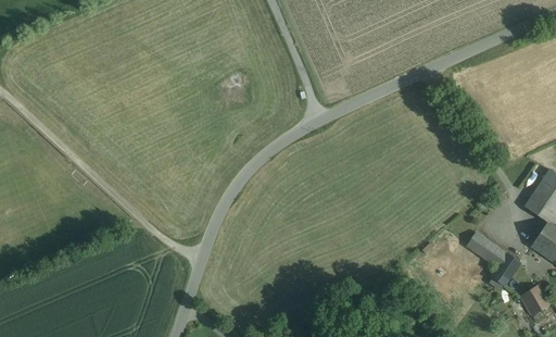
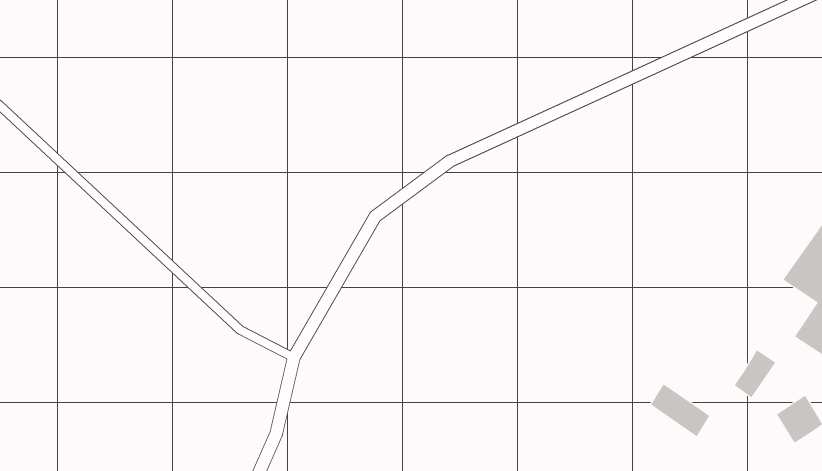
building: [467,233,507,269] -> [650,384,710,437]

